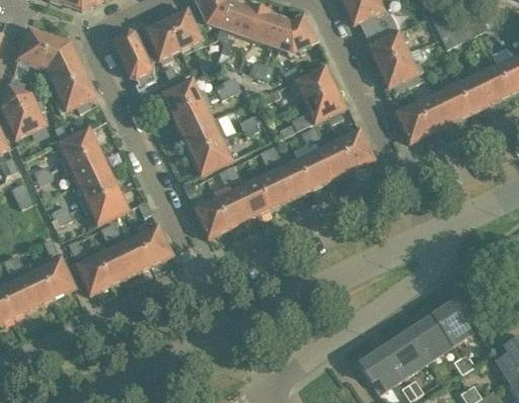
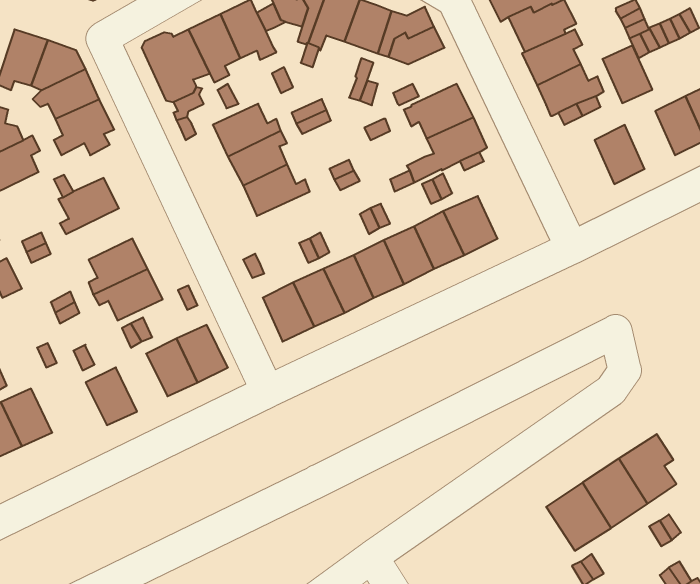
building: [437,83,470,122] -> [602,46,652,103]
building: [396,102,430,141] -> none
building: [339,130,372,168] -> none
building: [191,137,231,174] -> none
building: [63,148,107,182] -> none
building: [96,245,131,284] -> none
building: [40,258,74,298] -> none
building: [359,347,403,390] -> none

